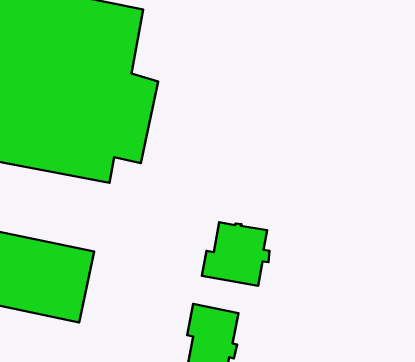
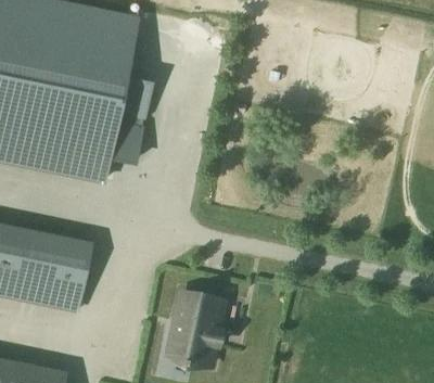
building: [202,222,269,286] -> none

